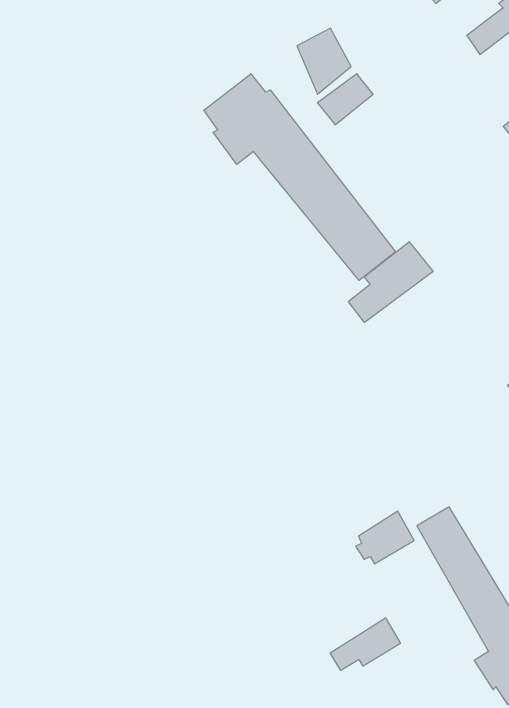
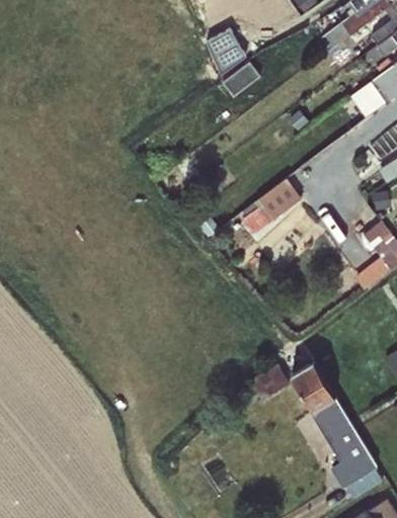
building: [204,74,395,280] -> none
building: [330,618,400,670] -> none

